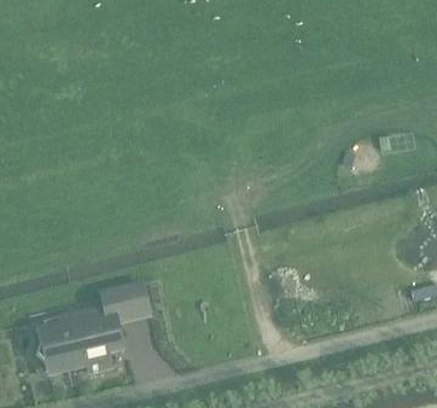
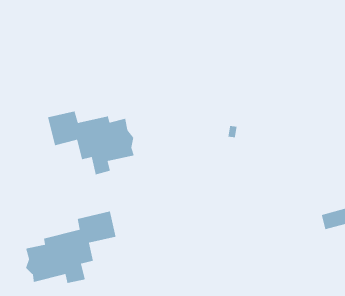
building: none -> [47,110,135,175]

